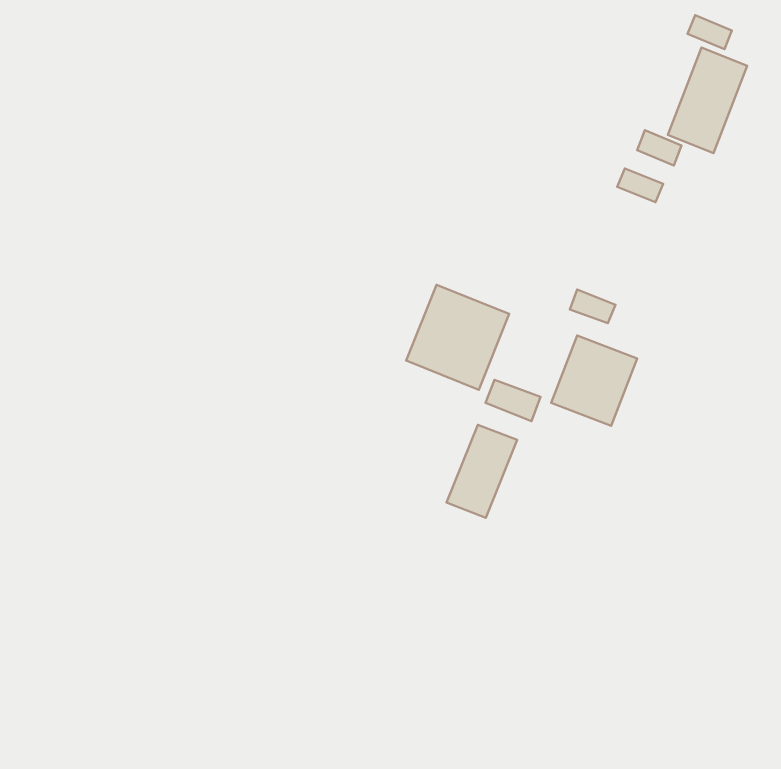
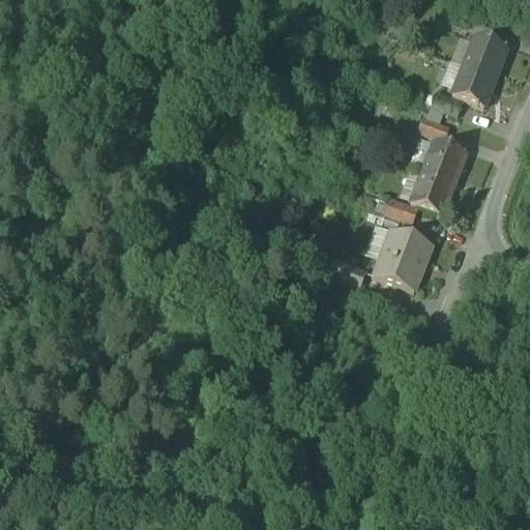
building: none -> [411,139,466,211]
building: [406,285,509,390] -> none
building: [447,425,517,518] -> none

